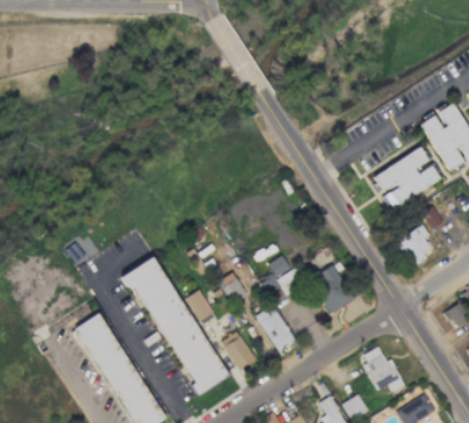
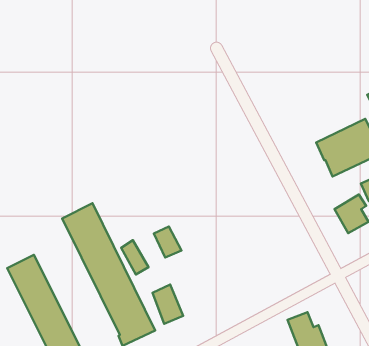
building: [259,255,303,293] -> none
building: [308,263,354,313] -> none
building: [256,304,296,353] -> none

